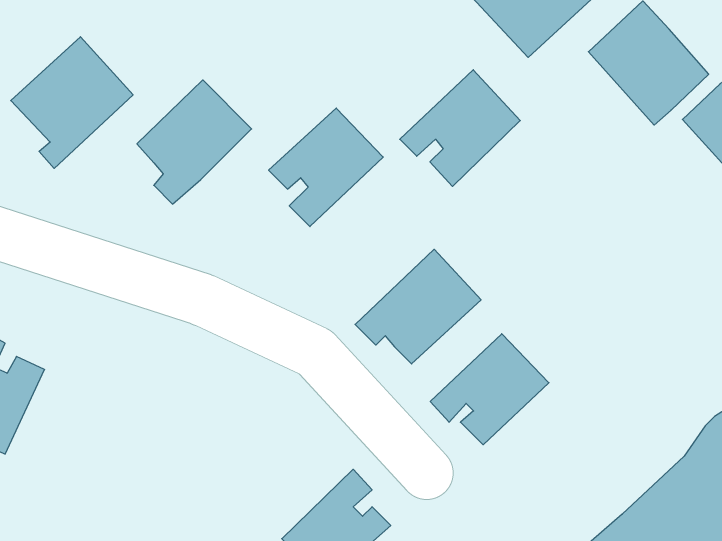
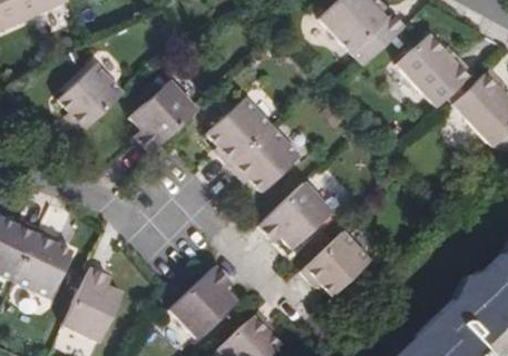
building: [400,70,520,186] -> [229,127,301,196]
building: none -> [167,266,234,338]
building: none -> [59,269,119,345]

